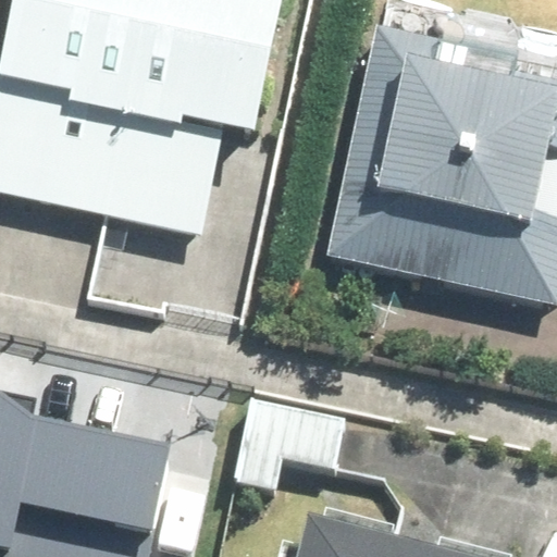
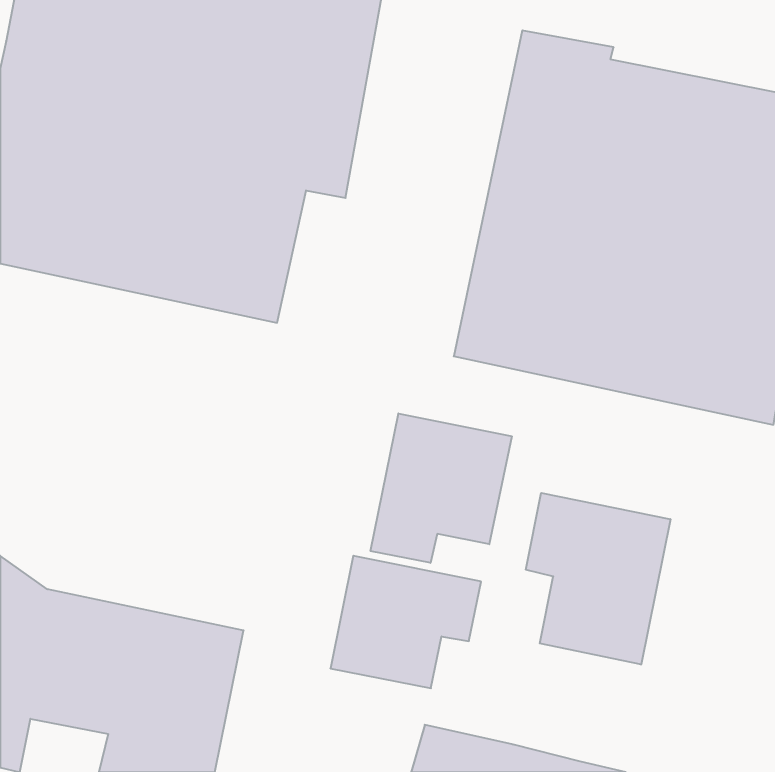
building: none -> [371,413,512,563]
building: none -> [526,493,670,665]

